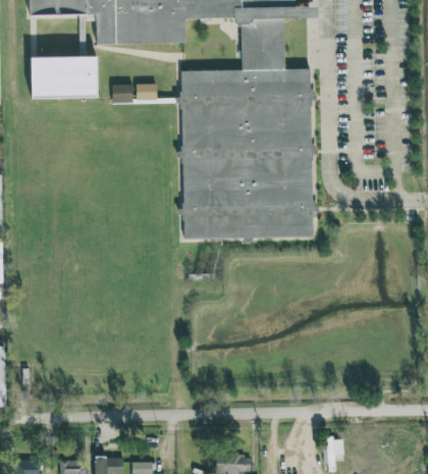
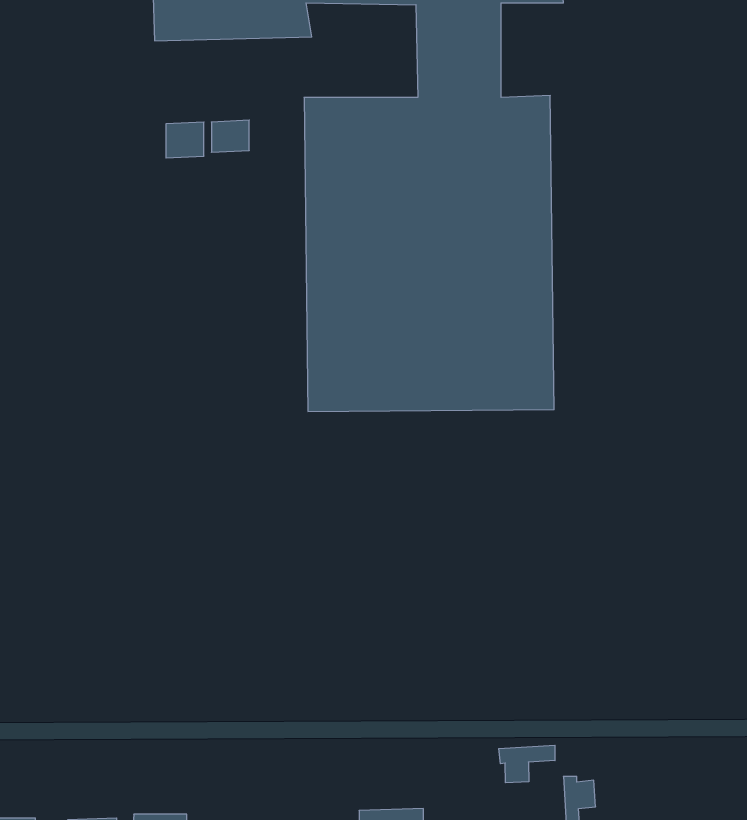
building: [28,55,95,98] -> none
building: none -> [499,745,555,783]

